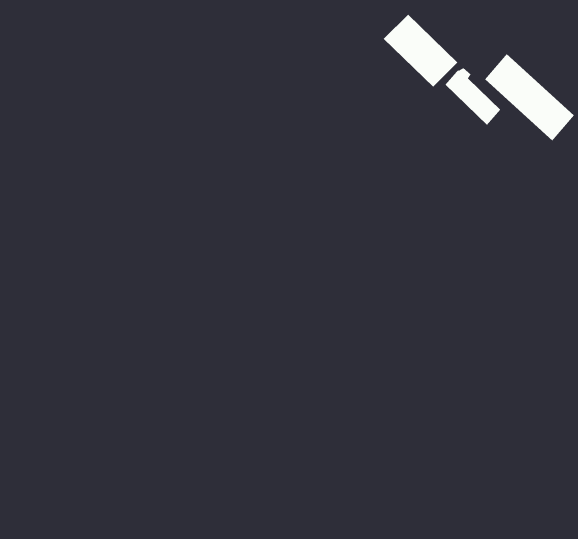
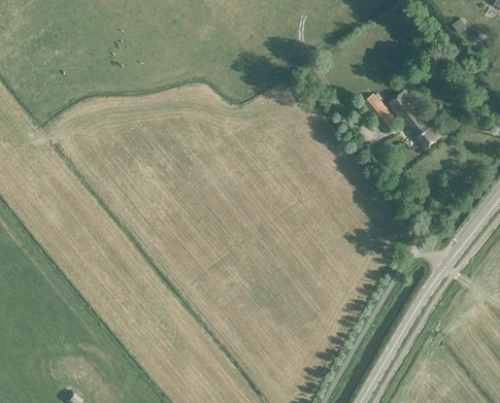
building: [383,14,458,87] -> none

